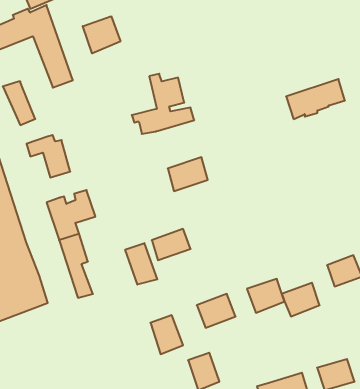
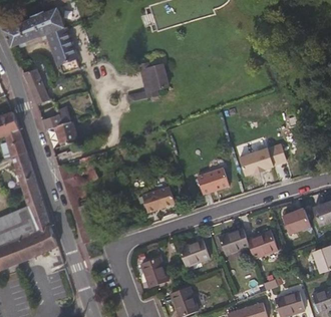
building: [83,16,120,53] -> none
building: [286,79,345,119] -> [239,144,286,177]
building: [168,157,208,191] -> [196,168,228,195]
building: [125,243,157,285] -> none

